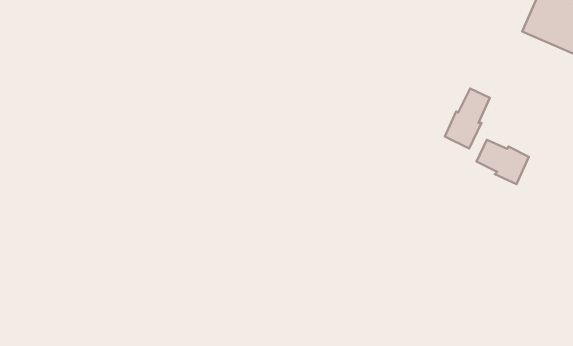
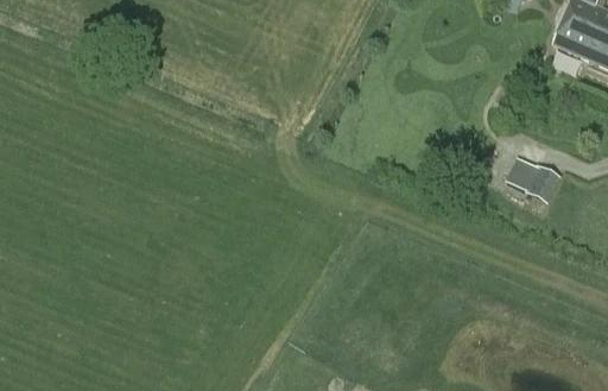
building: [445,89,490,149] -> none

